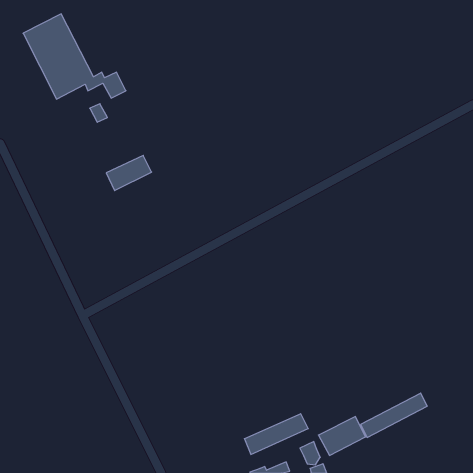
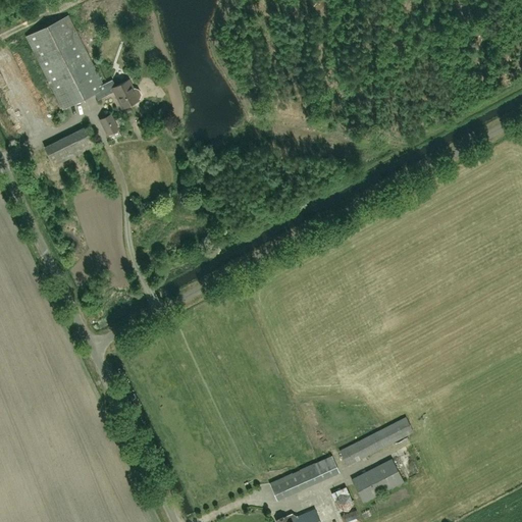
building: [106,155,152,191] -> [44,127,94,166]
building: [361,393,427,437] -> [340,417,413,466]

